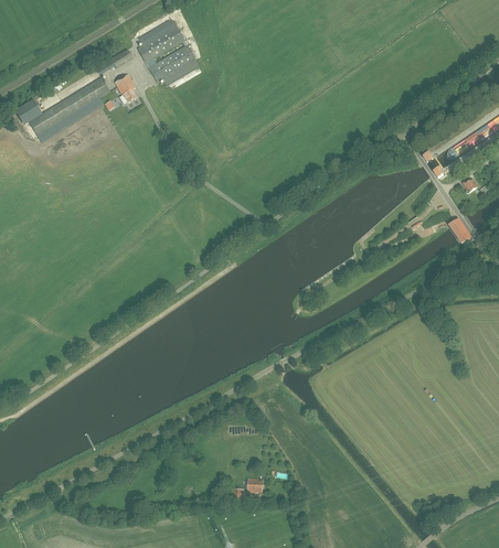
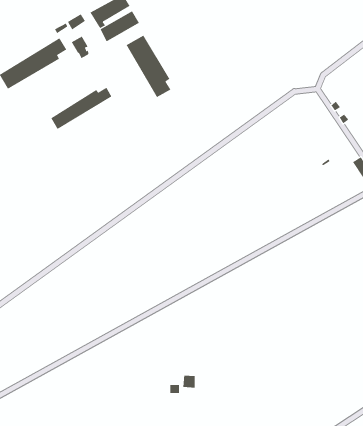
building: none -> [126,35,171,98]
building: none -> [50,87,112,130]

